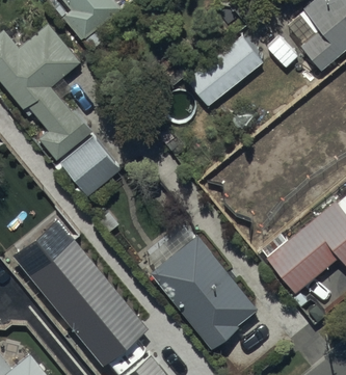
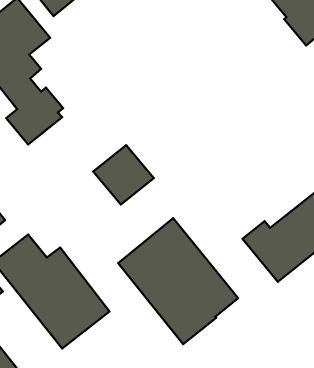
building: [187,36,264,107] -> none
building: [61,139,118,195] -> [93,145,154,204]

